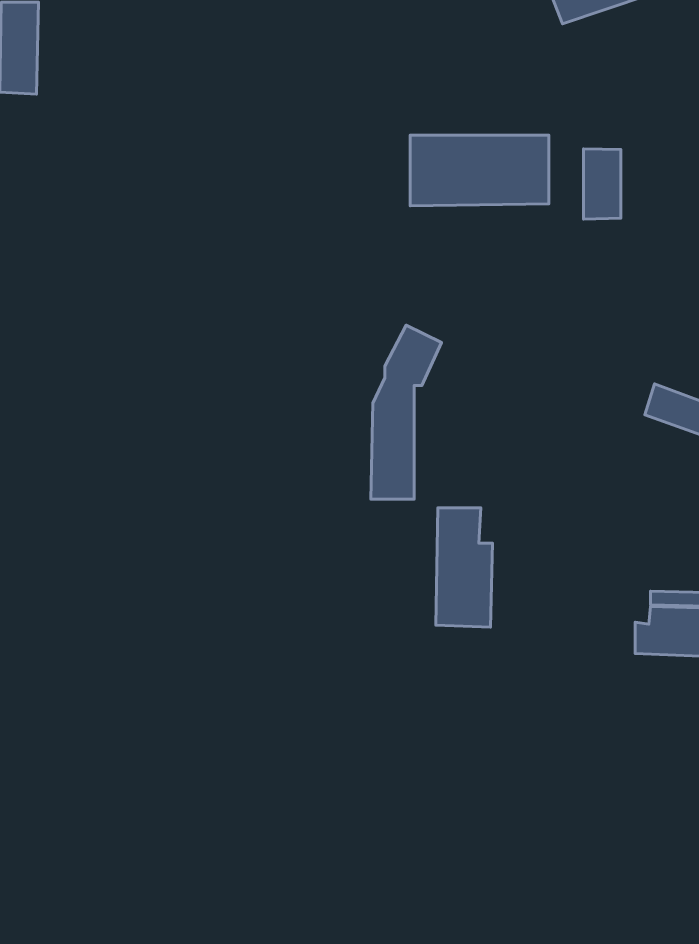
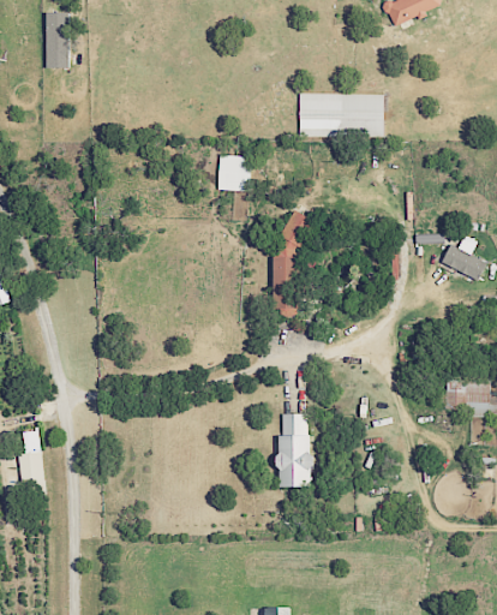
building: [584,149,621,219] -> none
building: none -> [217,154,250,190]
building: [436,508,492,627] -> [279,413,313,486]

